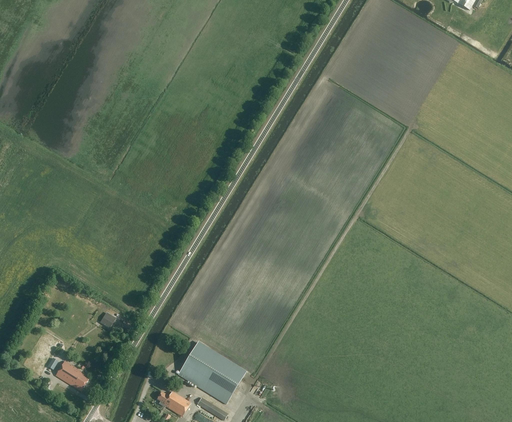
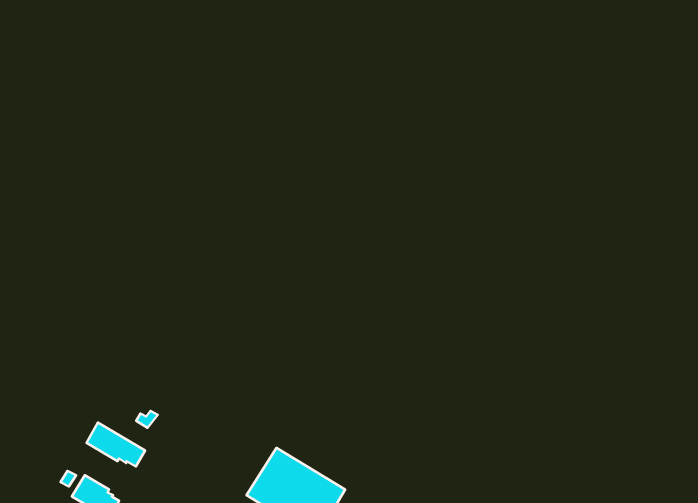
building: none -> [86,423,145,466]

